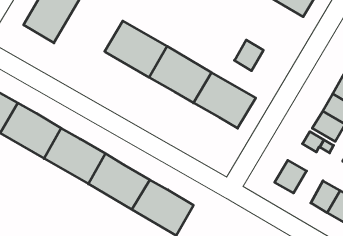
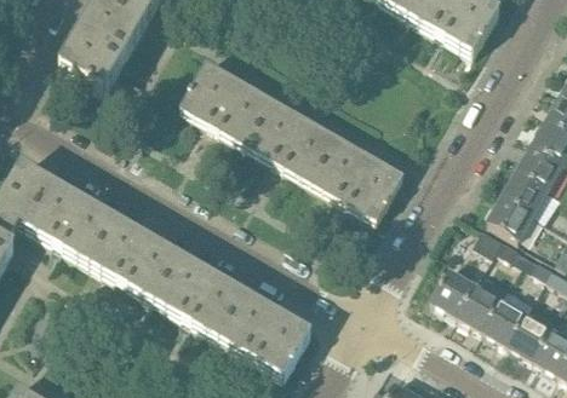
building: [234,40,263,71] -> none
building: none -> [458,282,502,329]

